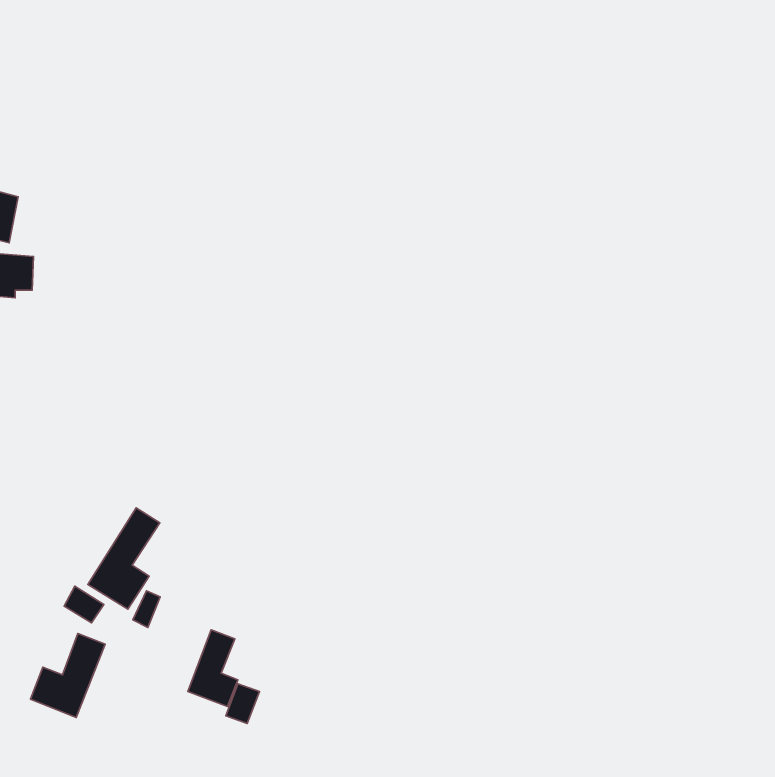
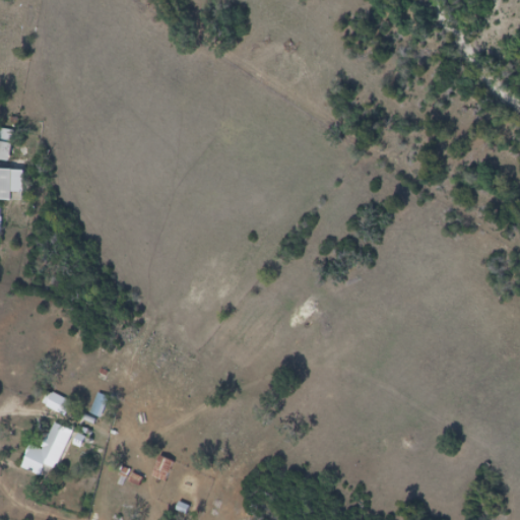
building: [88,508,160,609] -> none
building: [188,630,238,706] -> none

